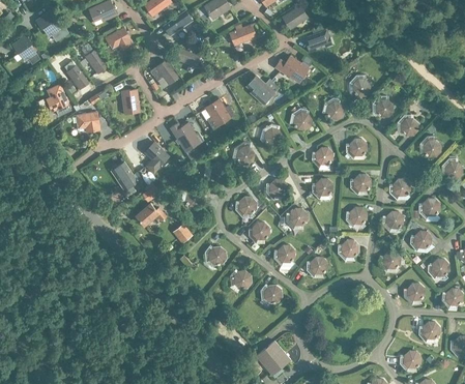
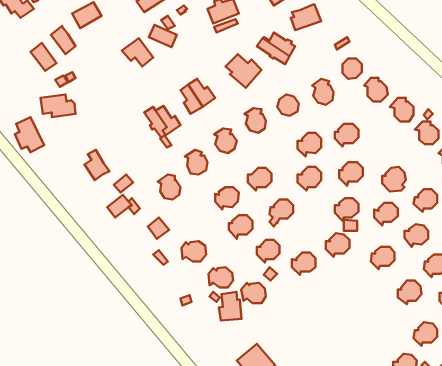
building: [45,84,71,116] -> [15,117,44,152]
building: [121,89,140,114] -> none
building: [143,141,169,174] -> none
building: none -> [219,292,241,321]

